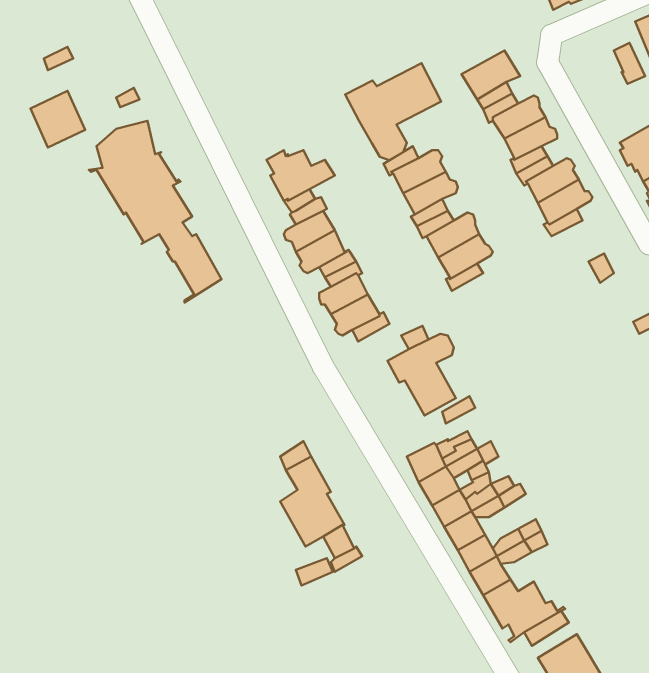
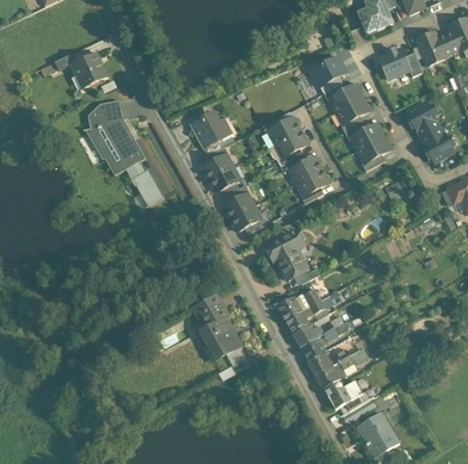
building: none -> [378,48,410,79]
building: [345,63,441,160] -> none
building: [30,91,85,147] -> [73,52,106,87]

